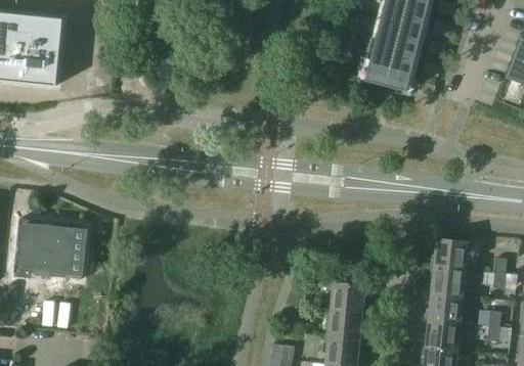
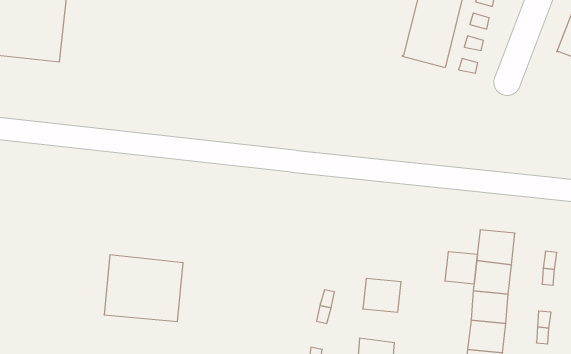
building: [13,219,85,279] -> [104,255,183,322]
building: none -> [445,251,477,284]
building: [326,310,361,340] -> none

